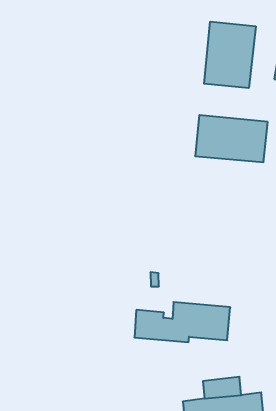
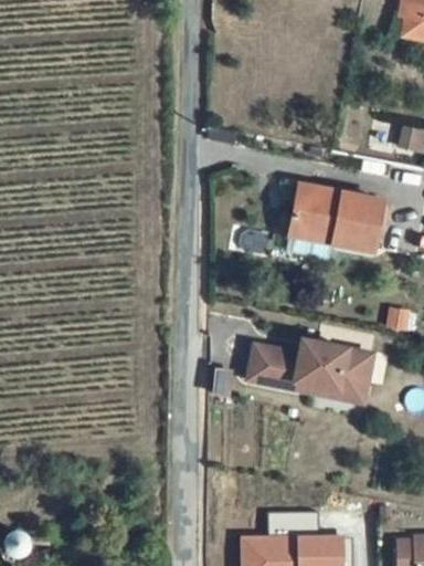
building: [204,22,256,88] -> none
building: [134,302,230,342] -> [252,340,375,395]

